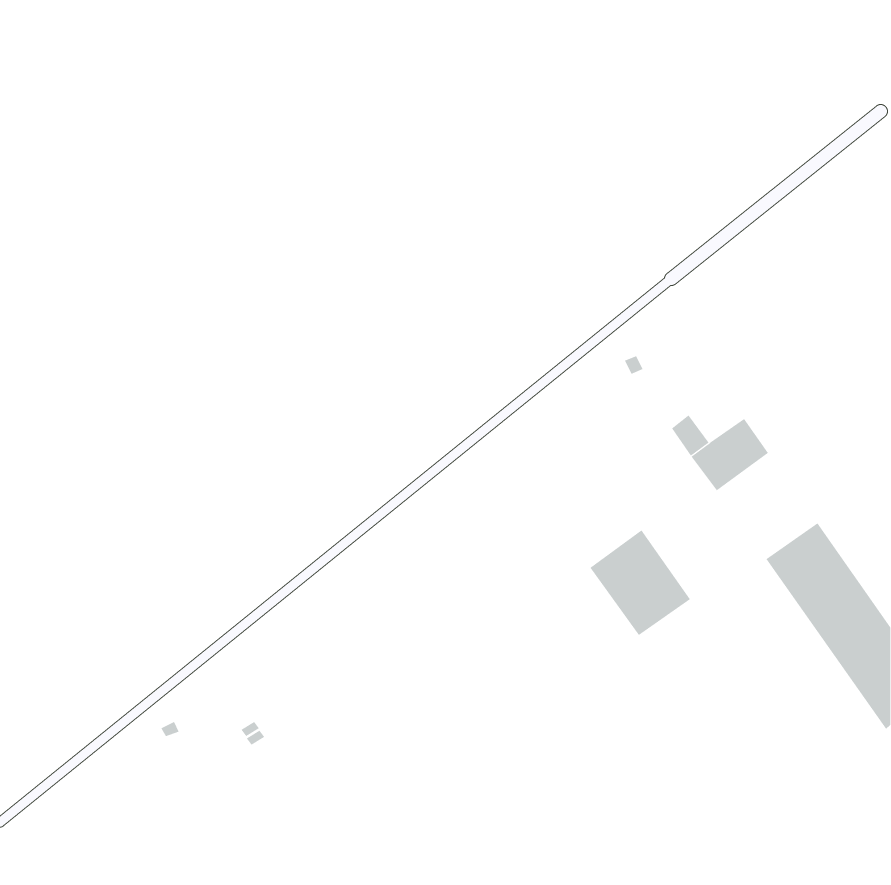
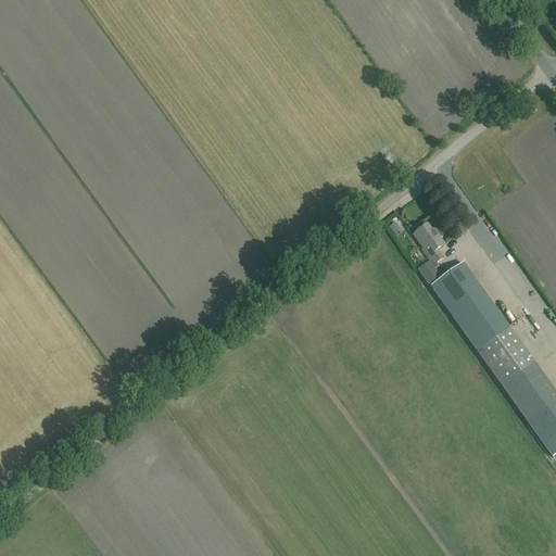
building: none -> [413,222,444,262]
building: [590,529,691,636] -> [446,282,509,349]

